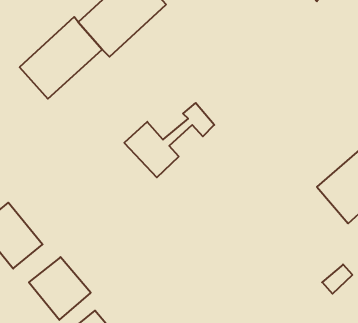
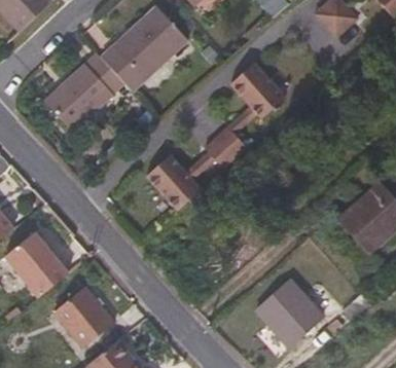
building: none -> [217,62,285,158]
building: none -> [256,281,323,347]

